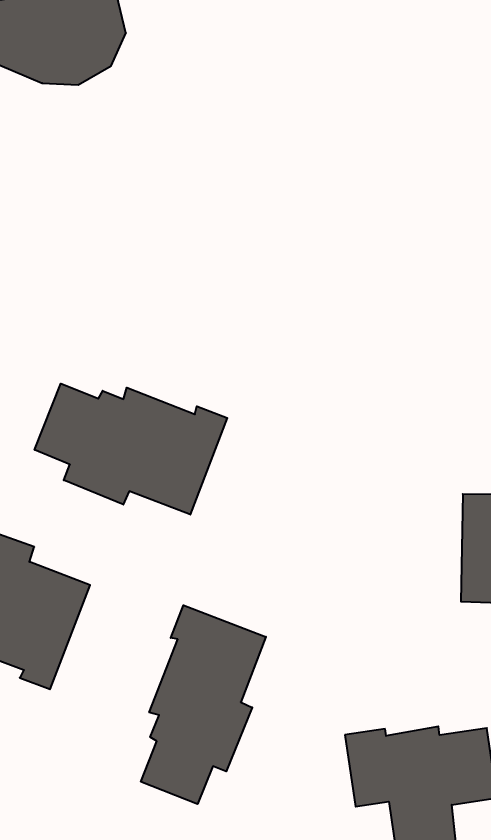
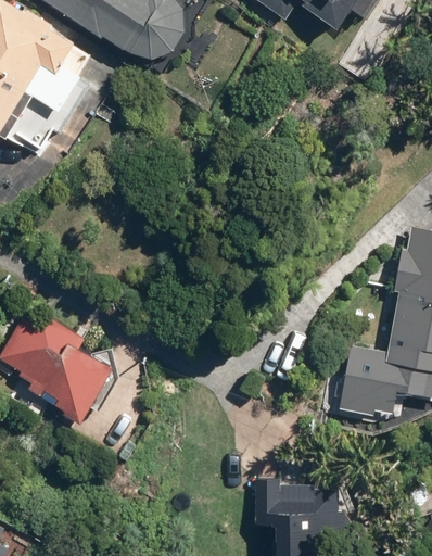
building: [35,384,227,515] -> none
building: [141,605,266,804] -> none

